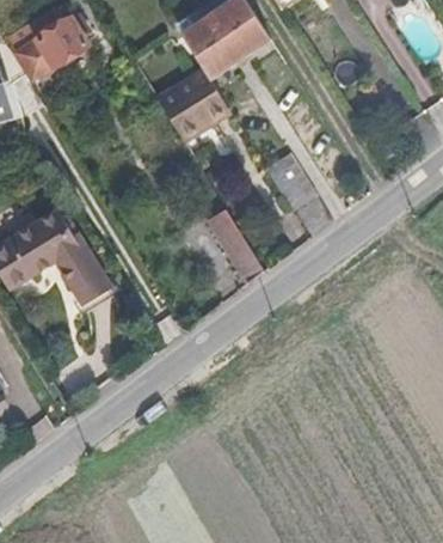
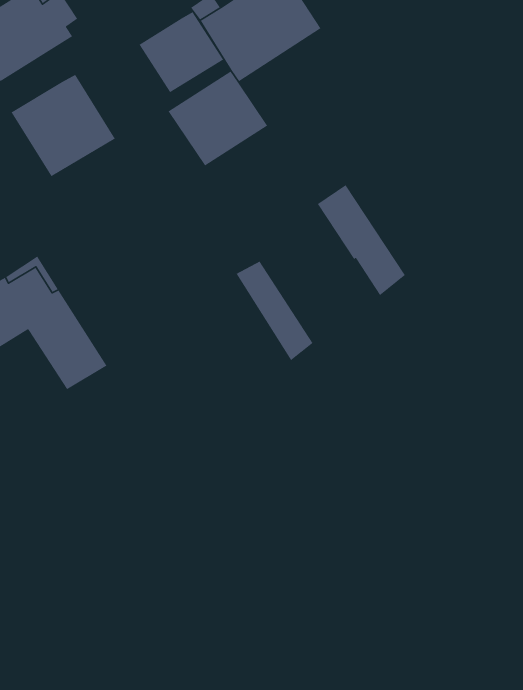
building: none -> [139,11,224,93]
building: none -> [11,74,116,177]

